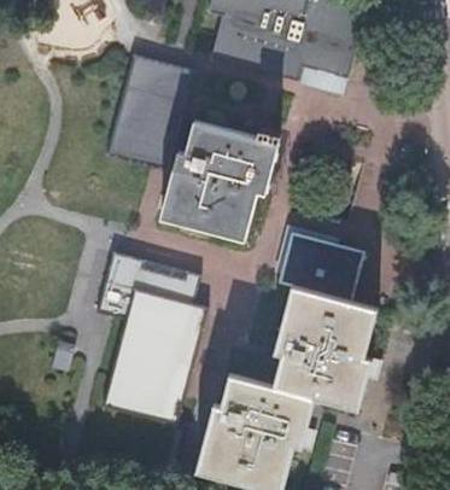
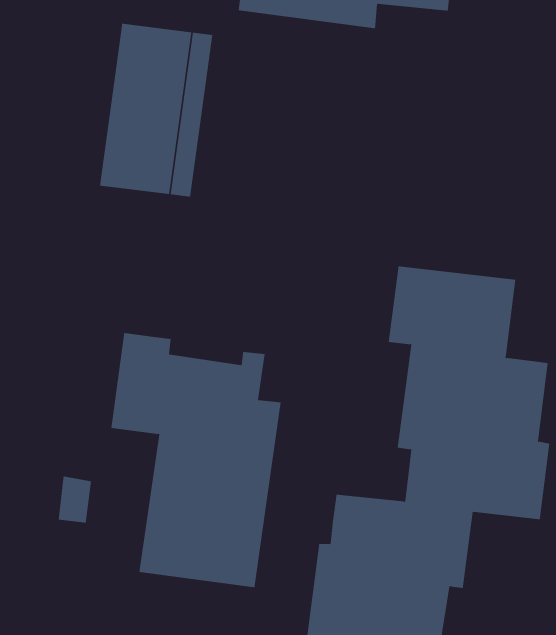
building: [160,121,281,239] -> none

